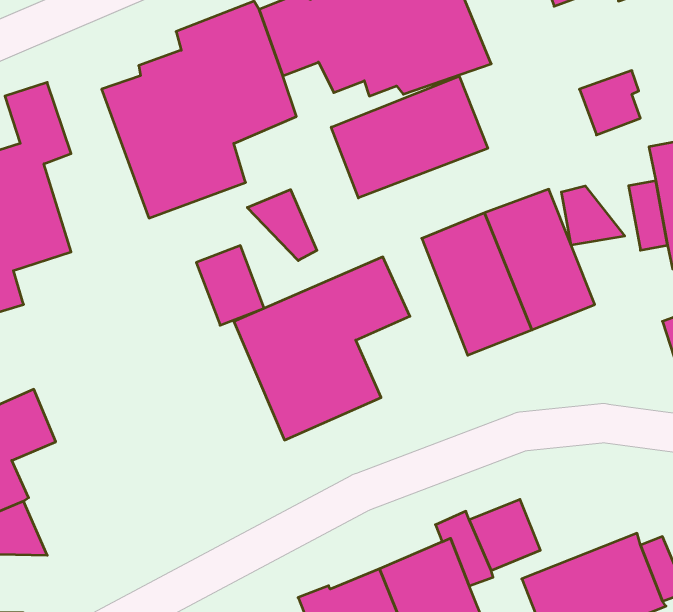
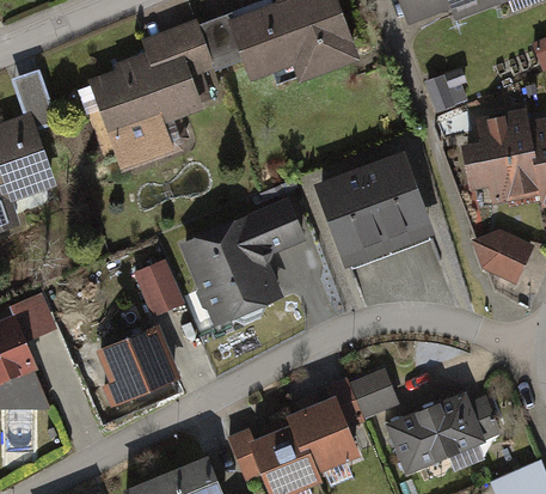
building: [331,76,488,198] -> none
building: [561,186,625,245] -> none
building: [247,190,317,261] -> none
building: [196,246,264,325] -> [135,257,183,313]
building: none -> [96,324,180,407]

